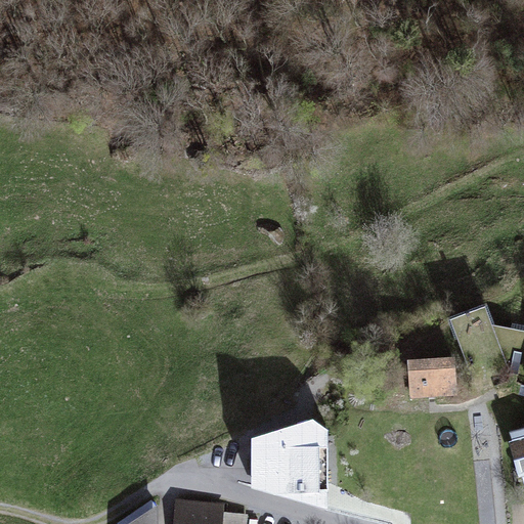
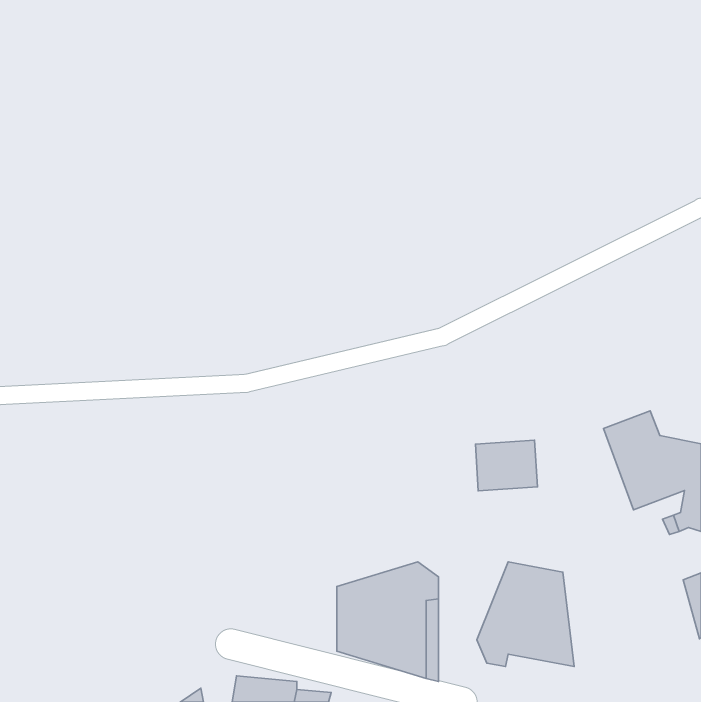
building: [408,358,454,396] -> [476,440,537,491]
building: none -> [477,562,574,666]

